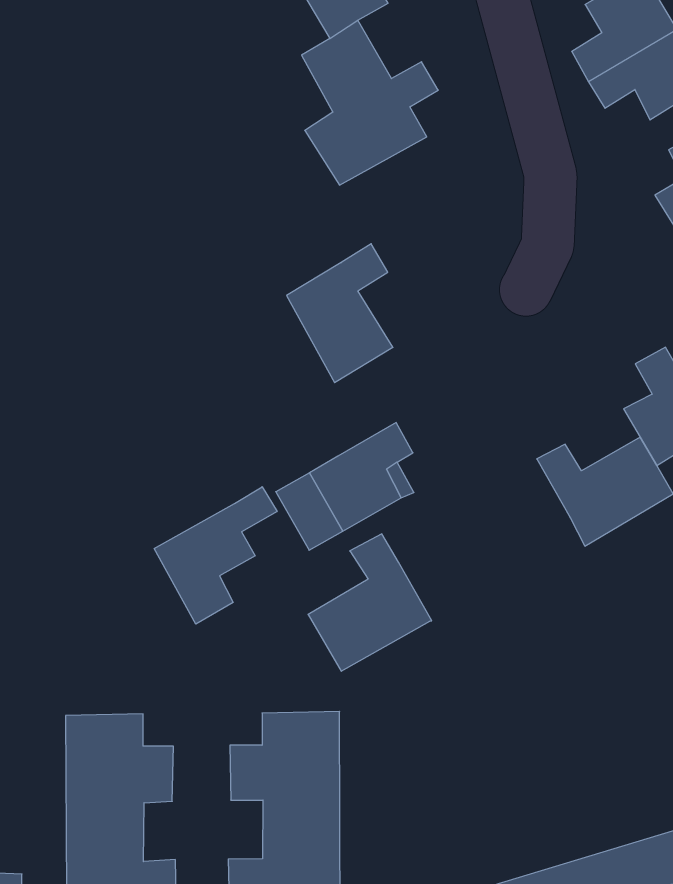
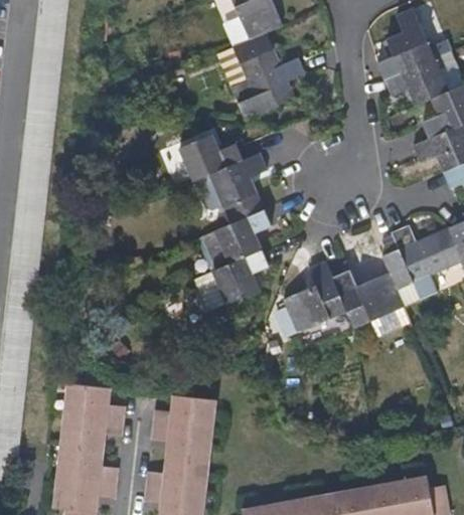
building: none -> [178,135,243,182]
building: none -> [214,209,271,264]
building: [154,487,277,624] -> none
building: [308,534,432,671] -> [283,262,348,332]

